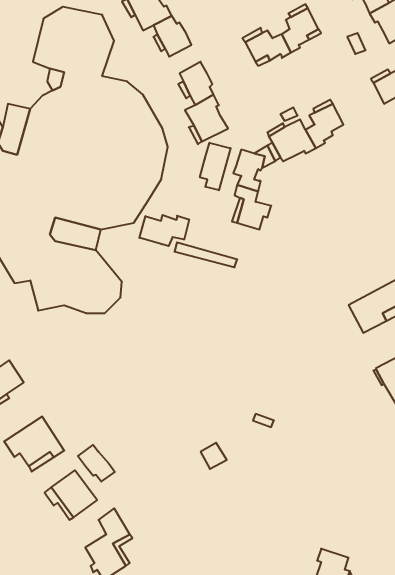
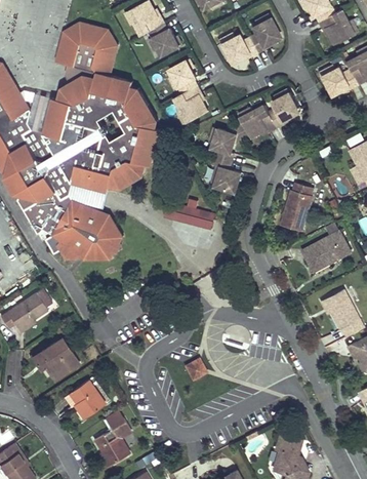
building: [200,143,231,190] -> none
building: [139,215,189,246] -> none
building: none -> [281,185,312,231]
building: [78,445,115,482] -> none

